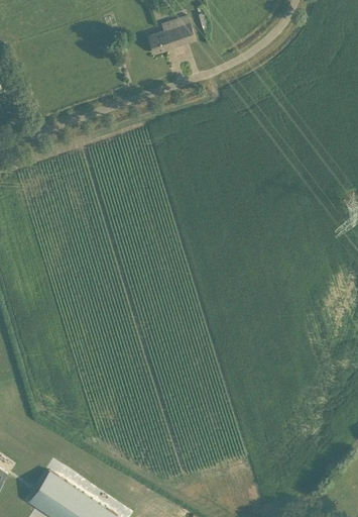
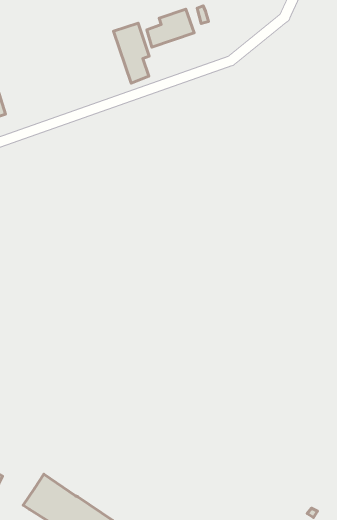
building: none -> [114,23,149,83]

